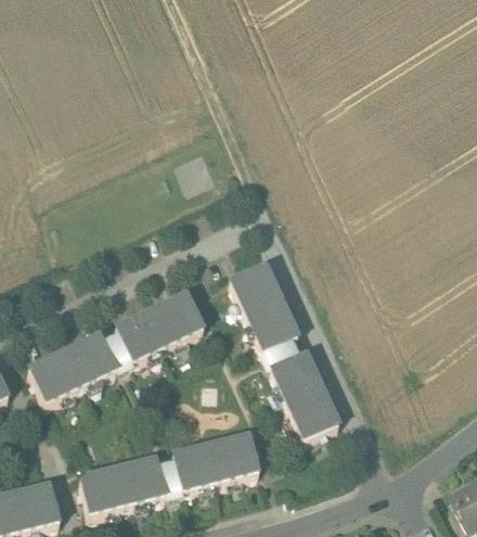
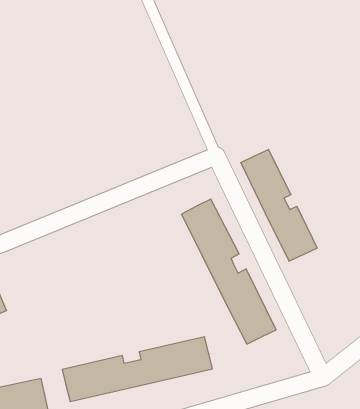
building: none -> [241,149,317,261]
building: [26,291,206,400] -> none

